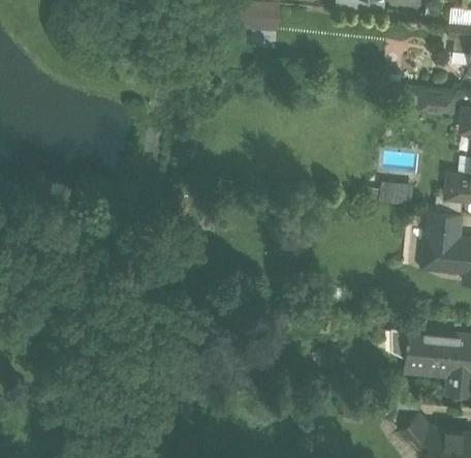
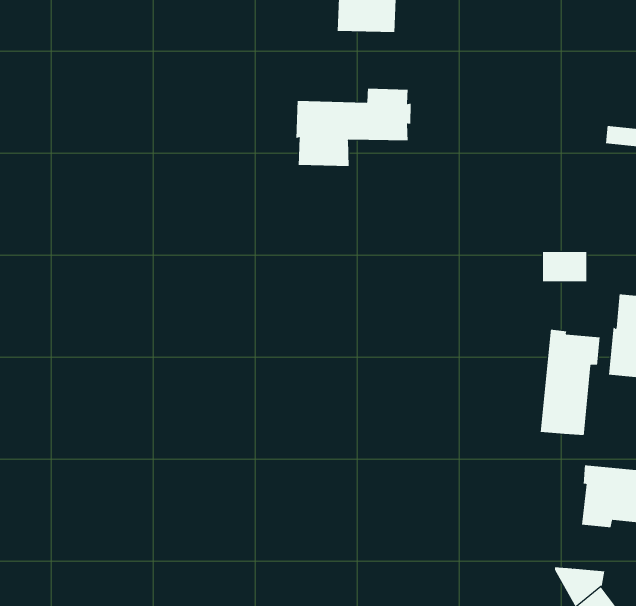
building: none -> [296,88,411,167]
building: none -> [540,329,600,436]

